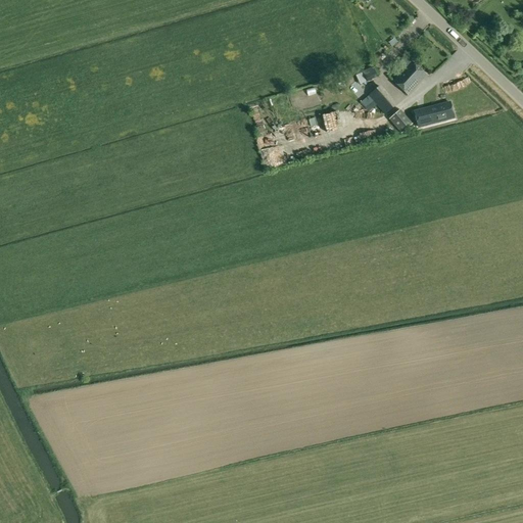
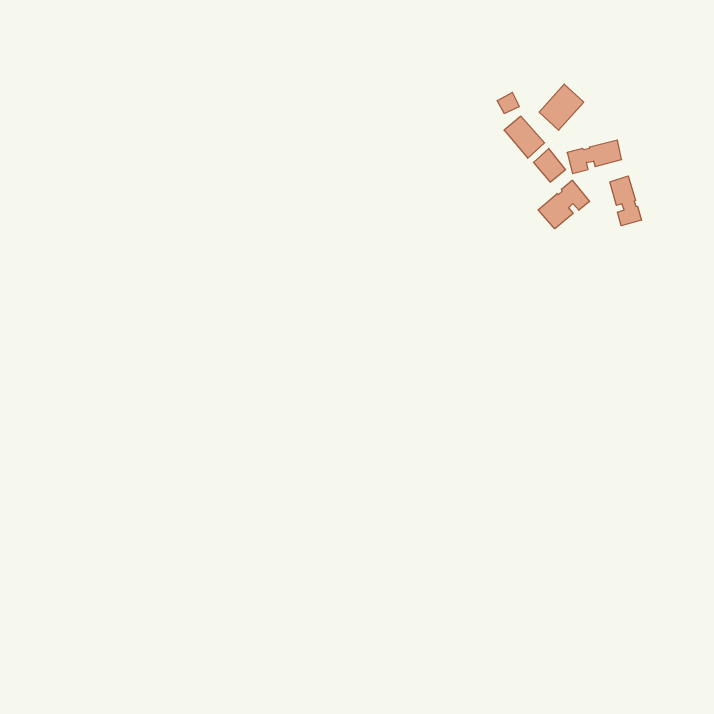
building: none -> [610,176,641,226]
building: none -> [538,180,590,229]

